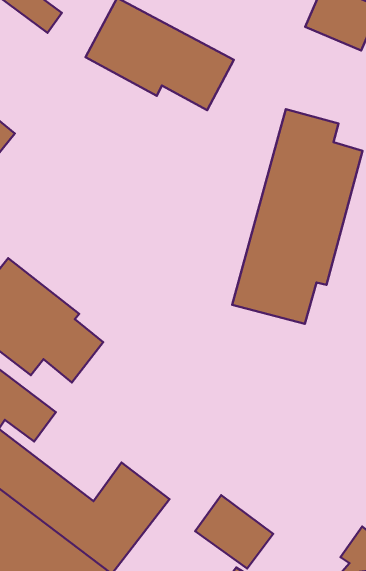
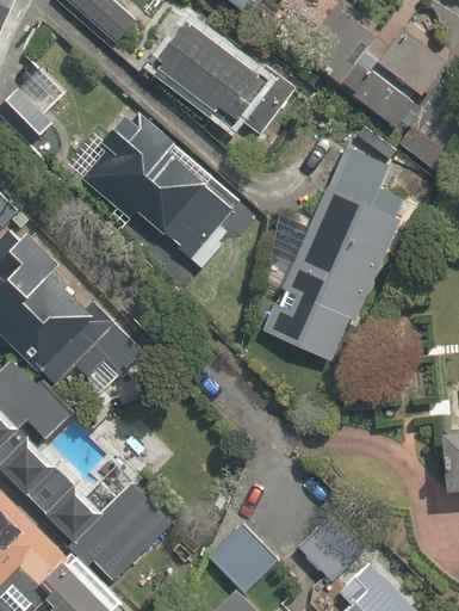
building: none -> [340,66,414,129]
building: none -> [77,110,246,265]
building: none -> [298,516,361,580]

